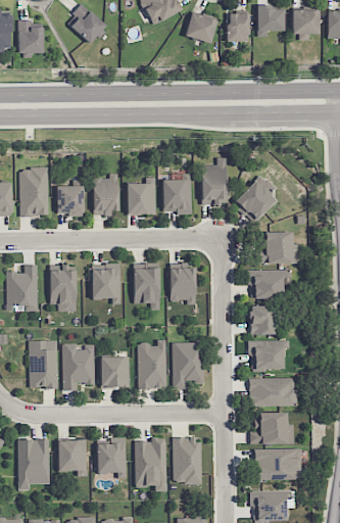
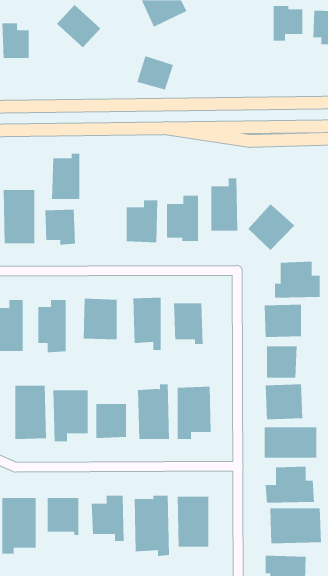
building: [185,12,217,43] -> [137,56,174,90]
building: [228,13,249,41] -> none
building: [93,173,118,213] -> [51,153,80,199]

